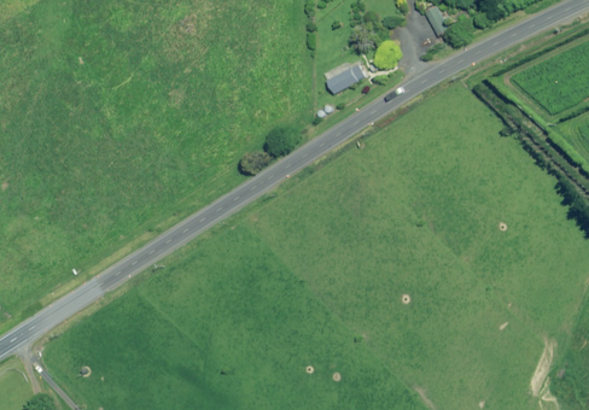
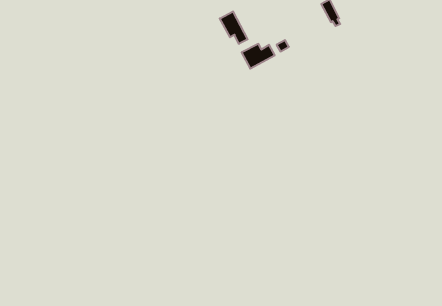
building: none -> [220,11,248,44]

